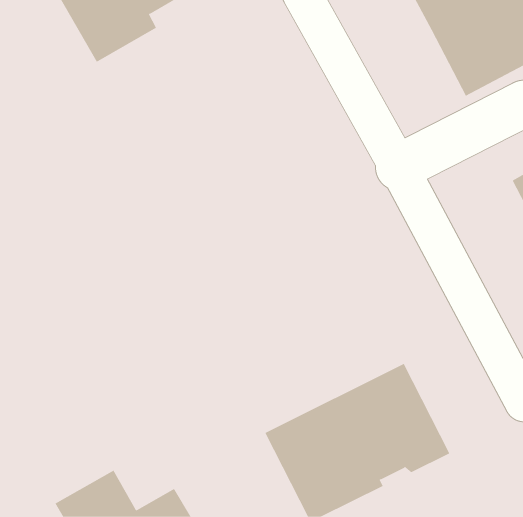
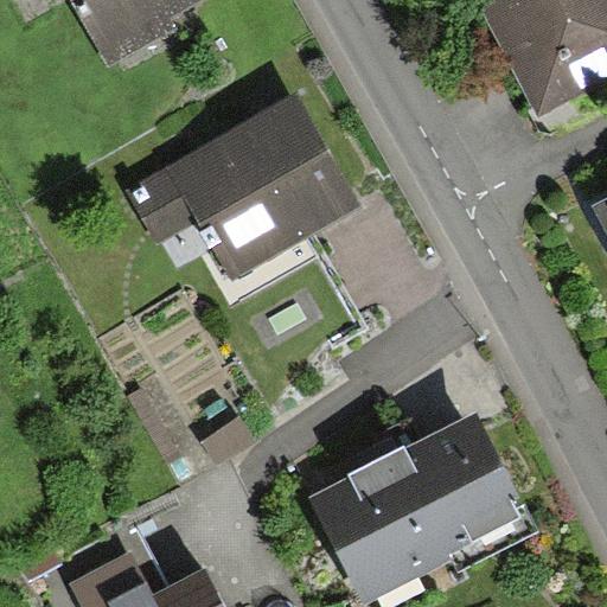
building: none -> [142,95,359,290]

